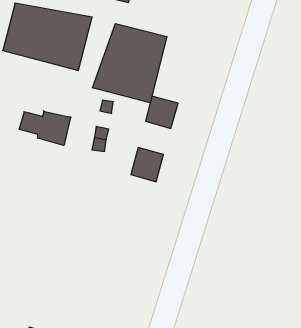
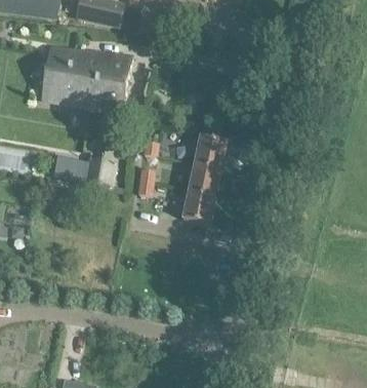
building: [93,24,167,103] -> none
building: none -> [187,161,219,195]

